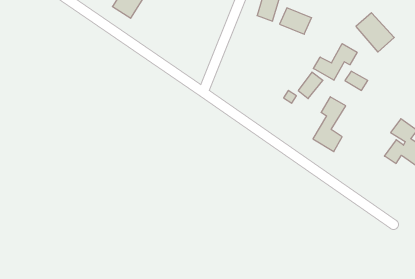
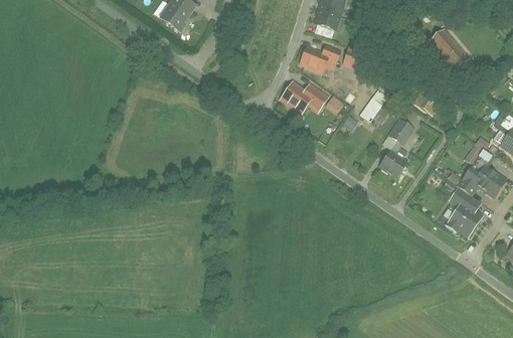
building: [280,8,312,34] -> [299,43,334,72]
building: [313,44,357,80] -> none
building: none -> [281,78,329,114]
building: none -> [445,185,481,234]

